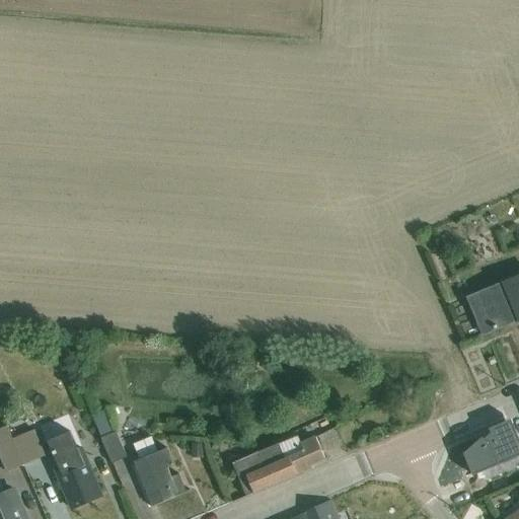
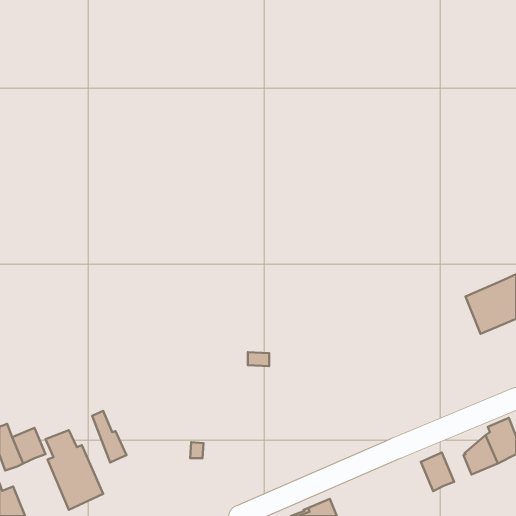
building: [133,435,190,507] -> none
building: [231,435,324,497] -> none
building: none -> [421,452,454,491]

